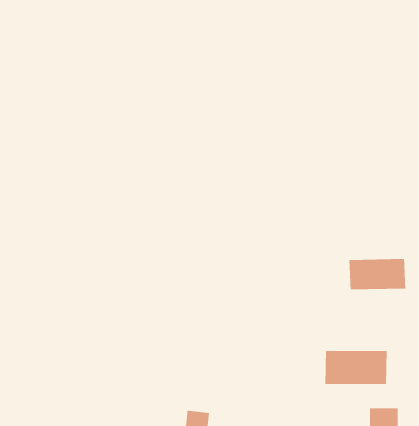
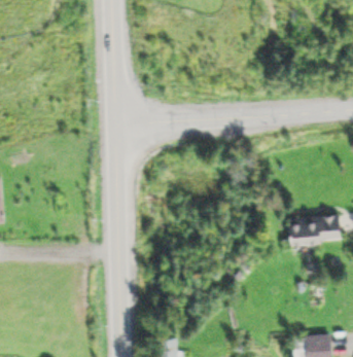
building: [324,350,388,385] -> none

